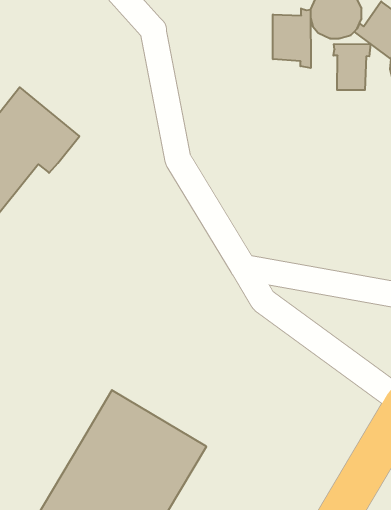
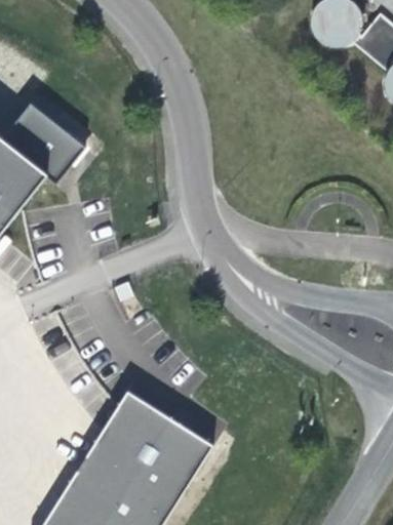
building: [273,8,311,68] -> none
building: [333,44,370,90] -> none

